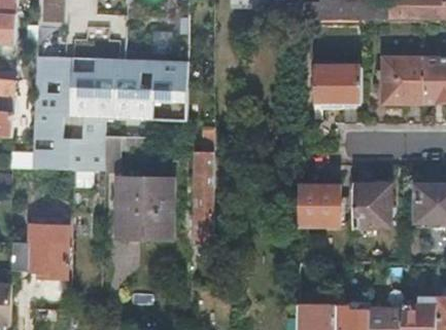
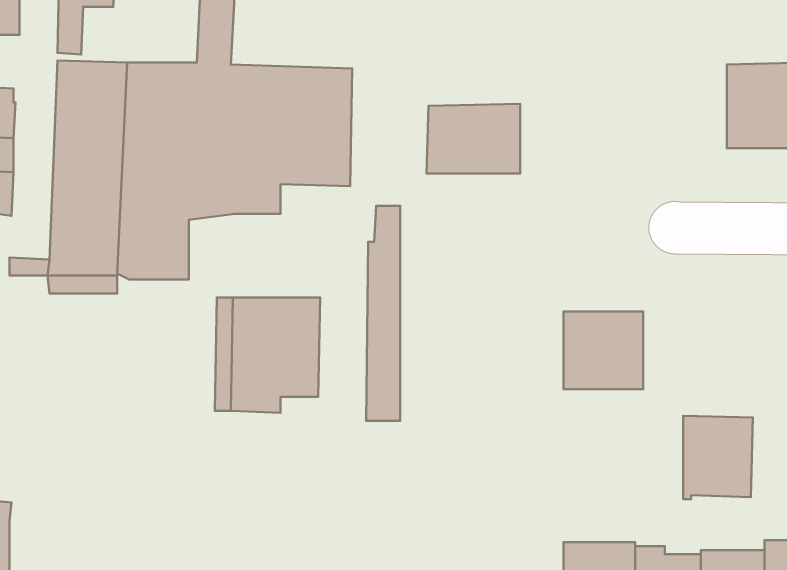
building: [313,67,362,103] -> [427,104,520,173]
building: [352,184,388,227] -> [683,416,753,499]
building: [12,230,67,277] -> none

